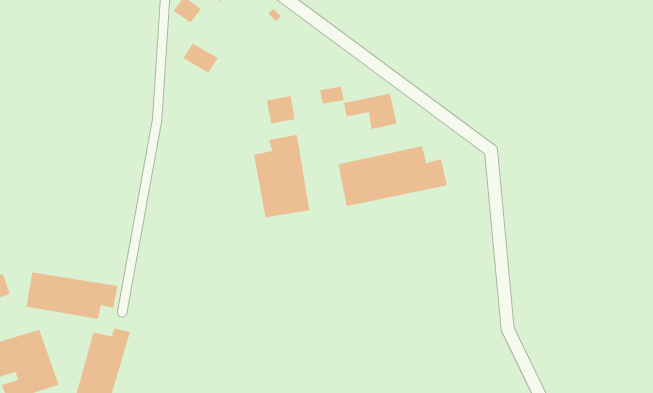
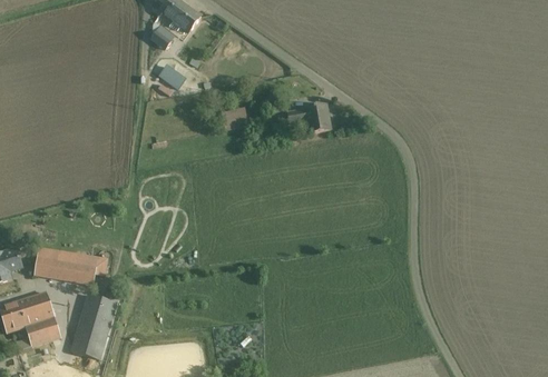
building: [254,134,310,218] -> none
building: [338,145,447,207] -> none

